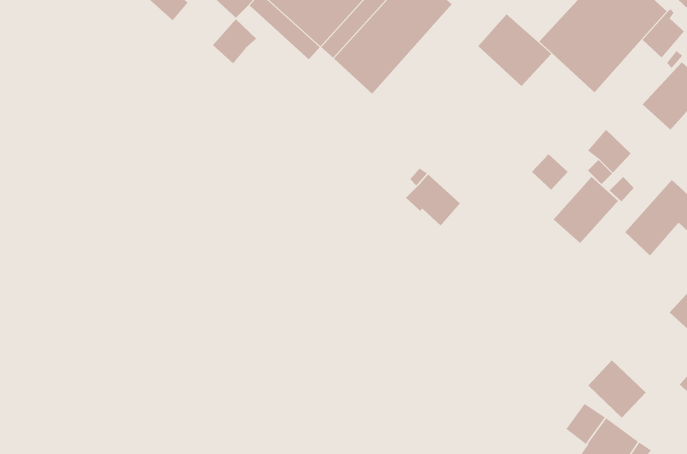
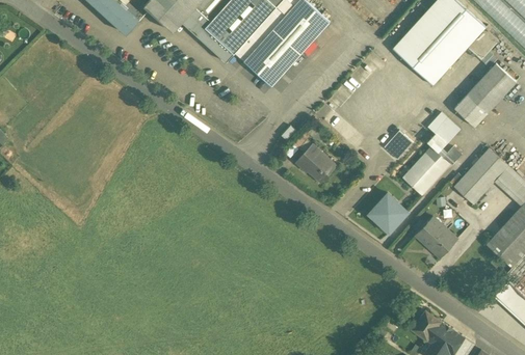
building: [478,14,552,87] -> none
building: [212,18,257,64] -> none
building: none -> [454,94,488,128]
building: none -> [368,194,408,234]
building: [588,360,646,418] -> [415,216,457,258]

